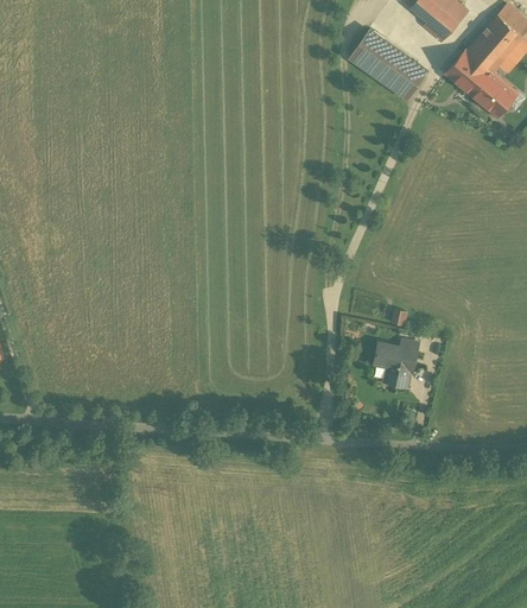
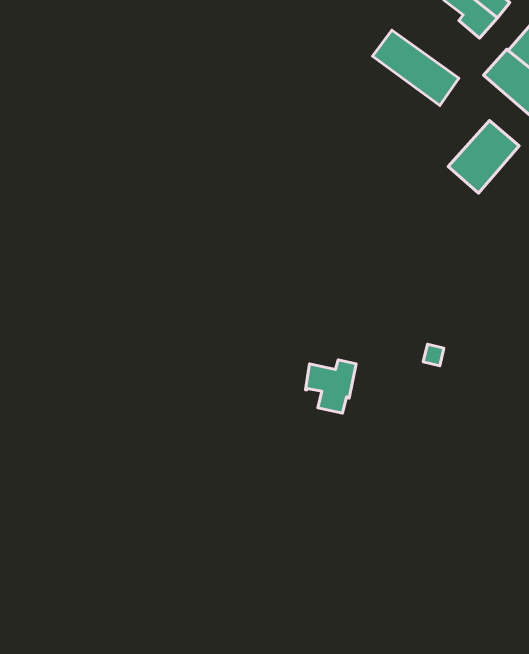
building: none -> [448,120,519,193]
building: [375,337,419,384] -> [305,360,356,413]

